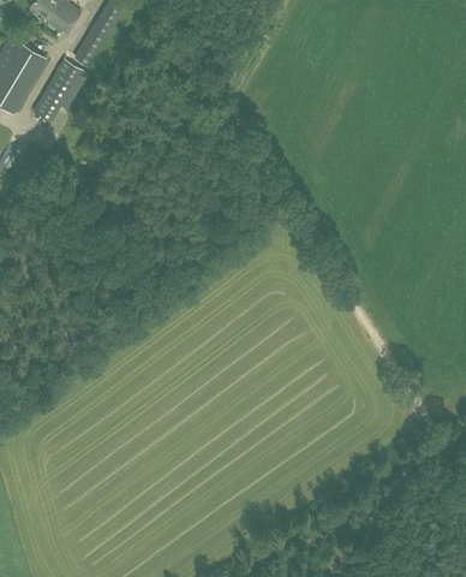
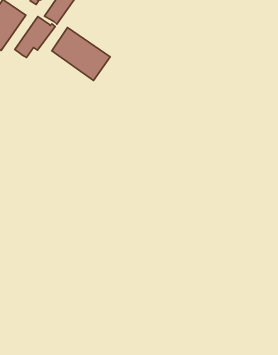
building: none -> [52,27,110,81]

